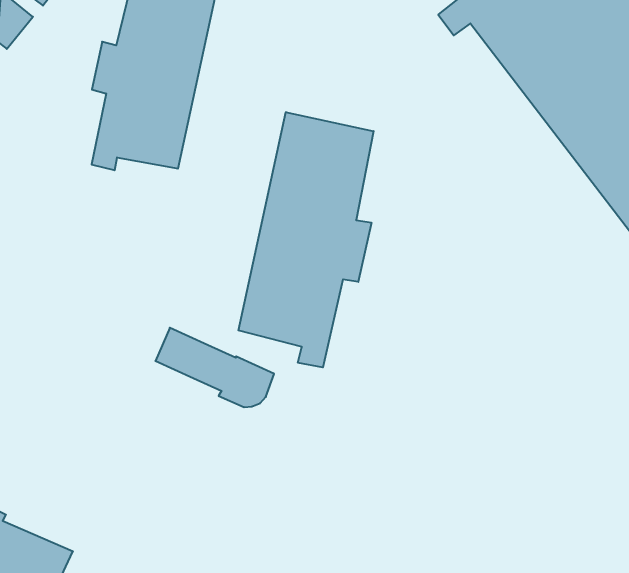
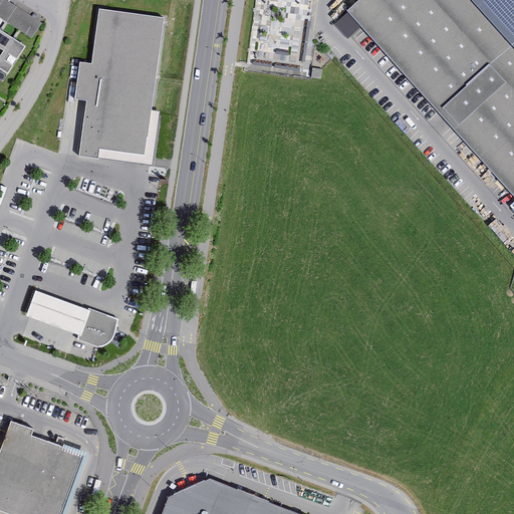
building: [238,112,374,367] -> none
building: [155,328,274,407] -> [27,290,118,346]

